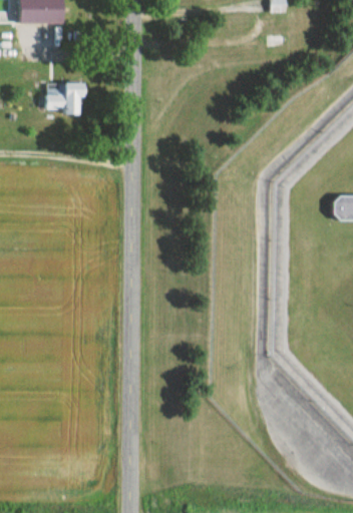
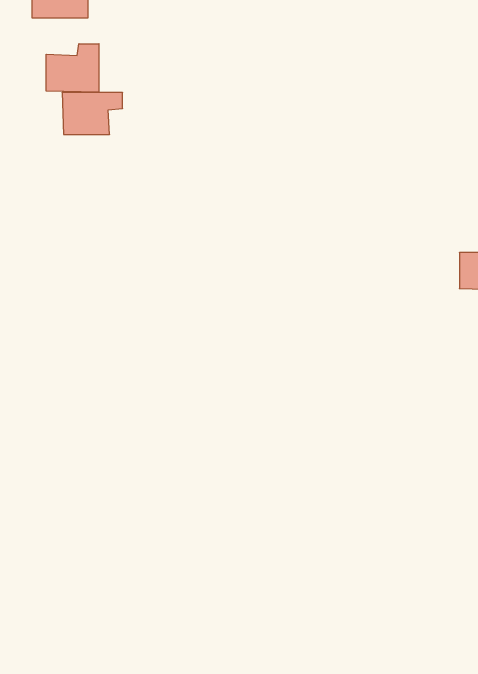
building: none -> [46,44,99,92]

